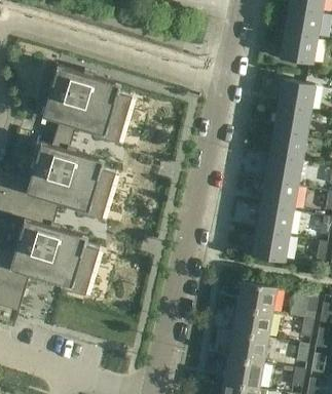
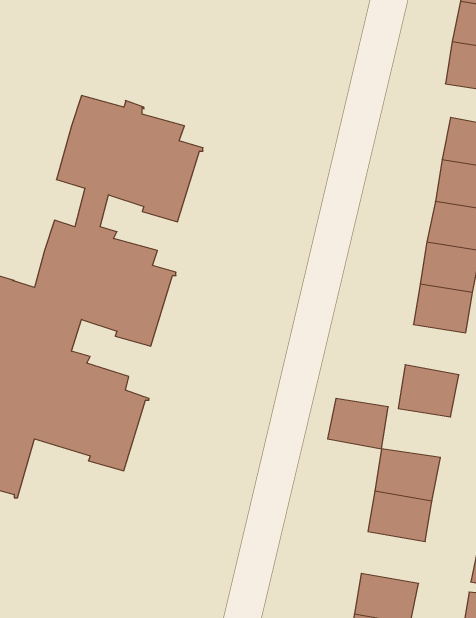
building: [256,204,293,235] -> [328,398,388,449]
building: [229,330,268,362] -> none

